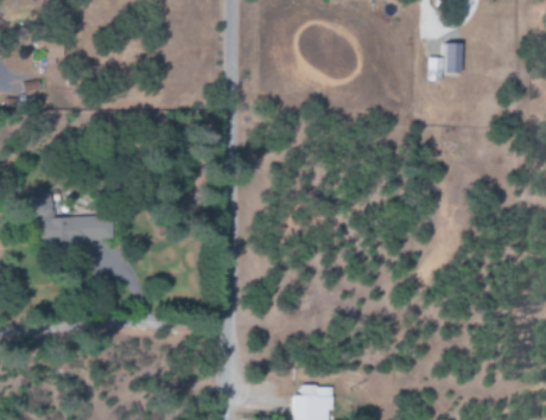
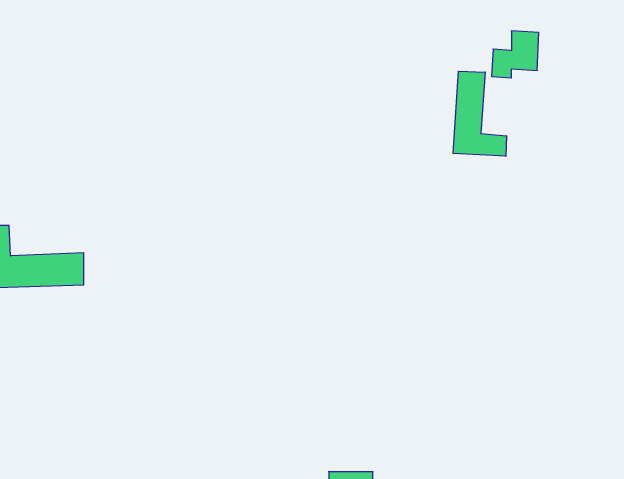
building: none -> [453,71,506,156]

